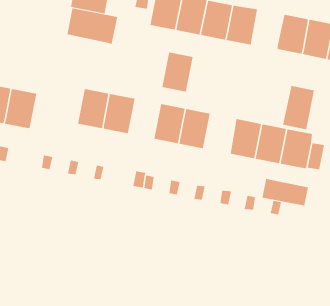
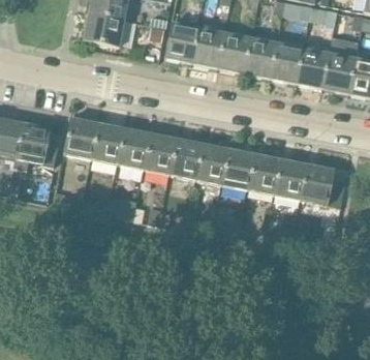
building: [67,7,118,45] -> none
building: none -> [270,41,303,83]
building: [162,52,194,92] -> [143,133,176,175]
building: none -> [63,118,97,159]
building: [282,85,315,130] -> none
building: none -> [220,149,253,190]
building: [262,178,308,207] -> none

